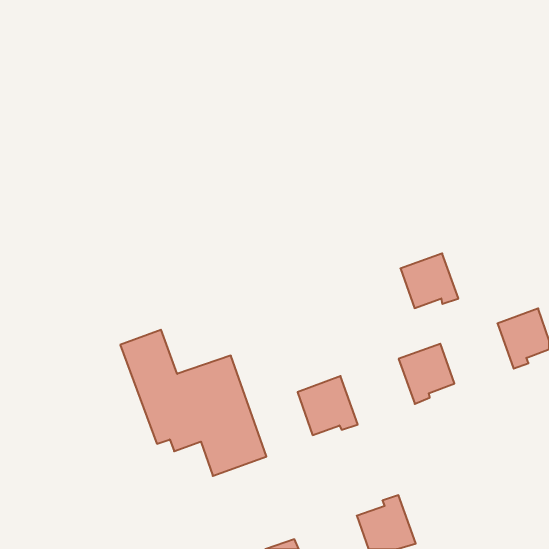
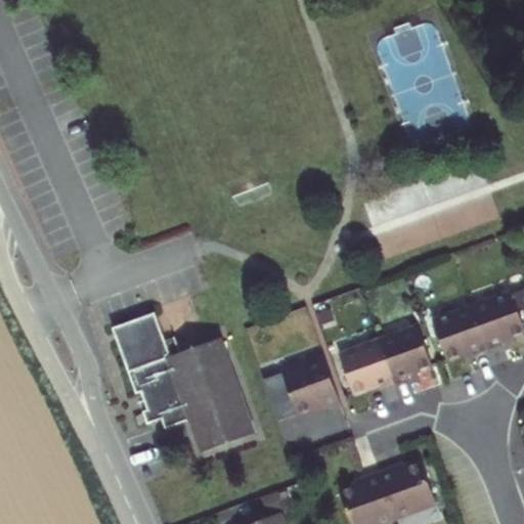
building: [400,253,458,308] -> [434,308,489,360]
building: none -> [341,342,395,394]
building: none -> [380,462,437,518]

